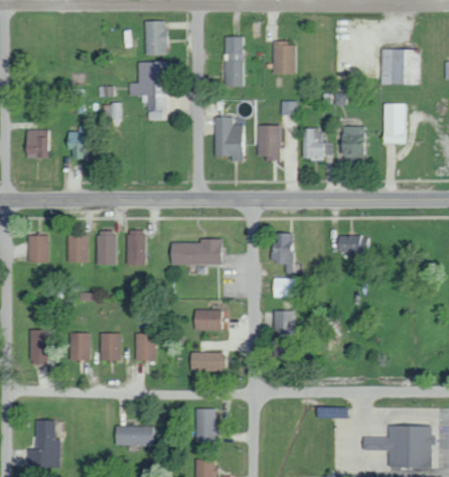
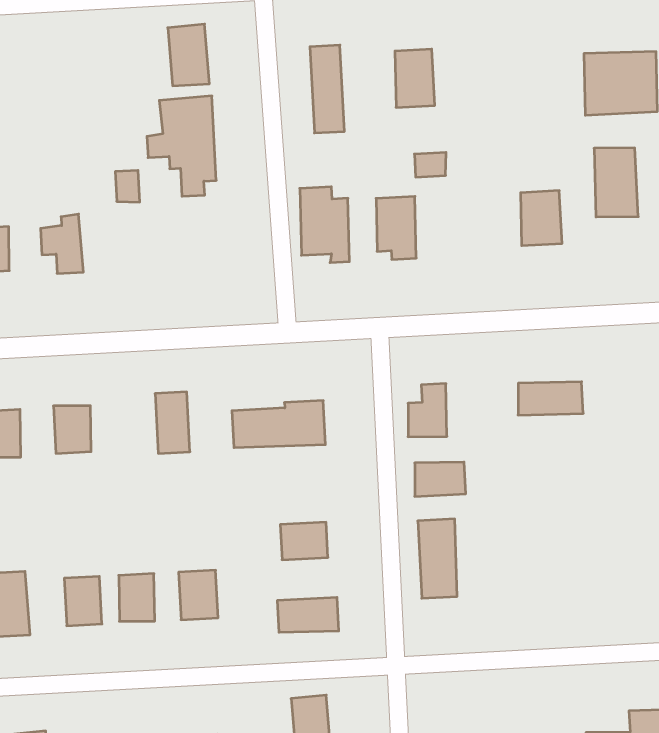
building: [305,129,333,159] -> none
building: [98,231,116,264] -> none

